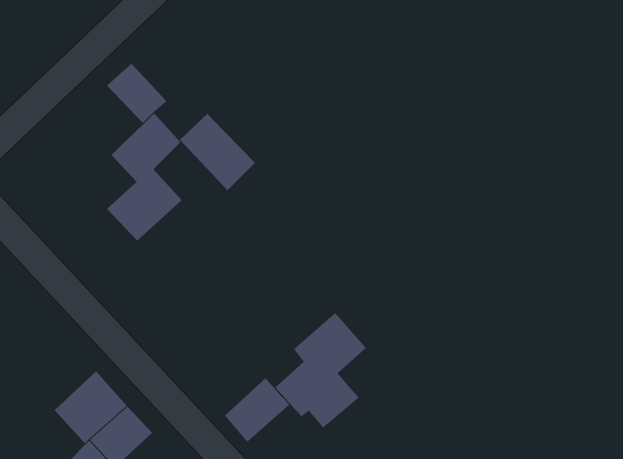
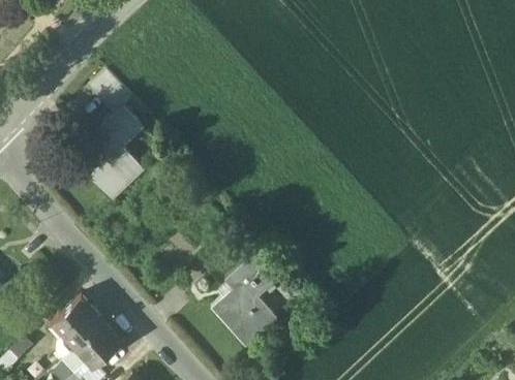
building: [179,113,256,191] -> none
building: [224,378,290,442] -> none

